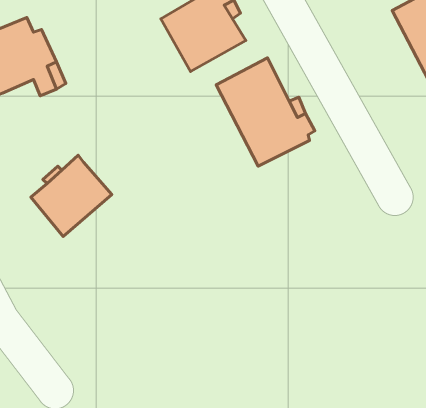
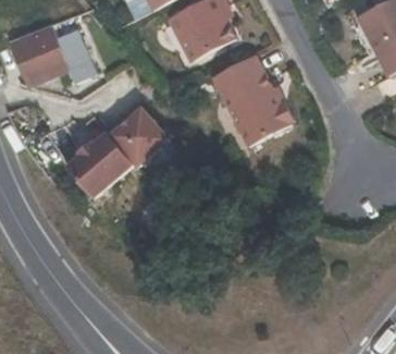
building: none -> [109,108,168,167]

